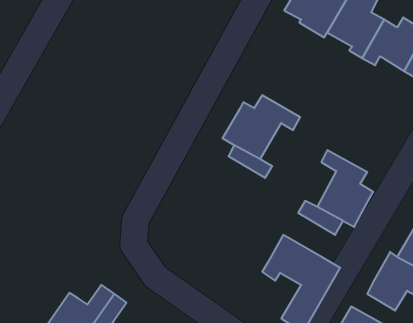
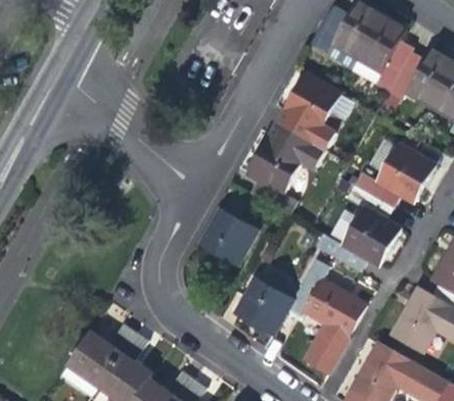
building: none -> [275,73,342,151]
building: none -> [353,143,435,207]
building: none -> [198,207,257,265]
building: none -> [234,277,292,332]

